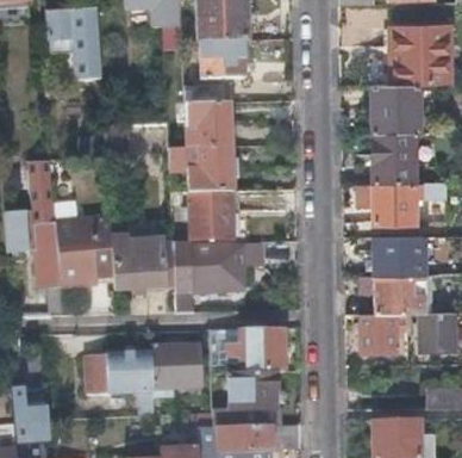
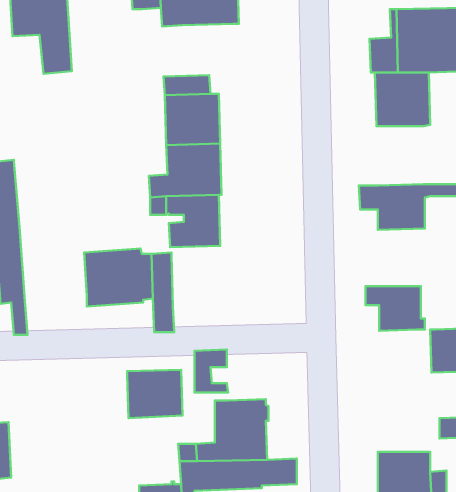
building: [200,39,246,79] -> none
building: [372,130,413,182] -> none
building: [56,215,116,285] -> none
building: [374,234,423,272] -> none
building: [191,242,246,290] -> none
building: [361,310,407,349] -> none
building: [225,327,285,373] -> none
building: [85,351,154,416] -> none

